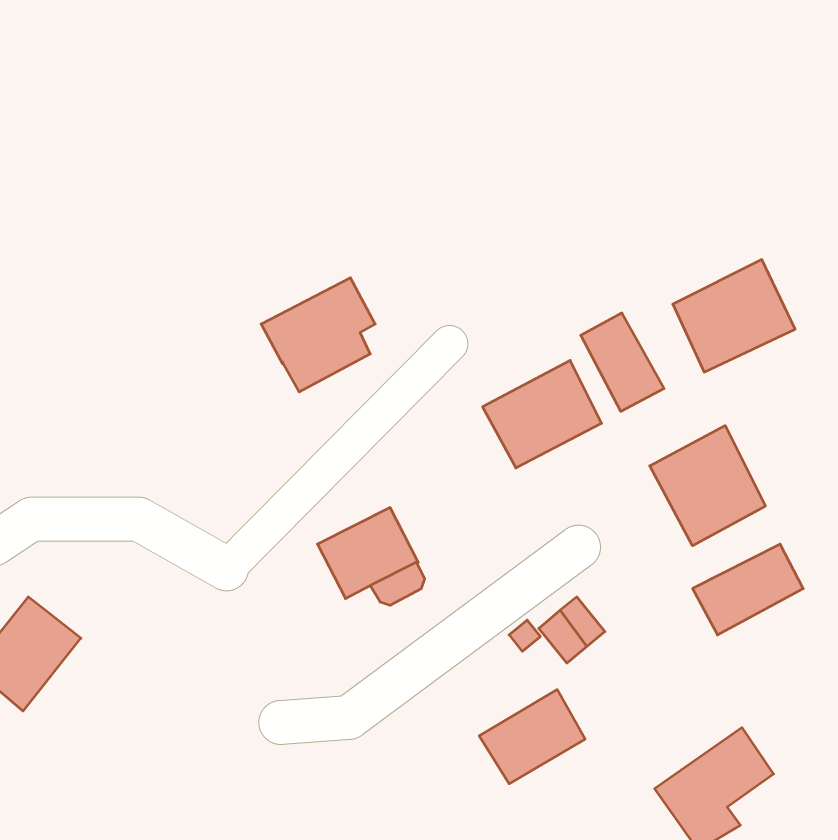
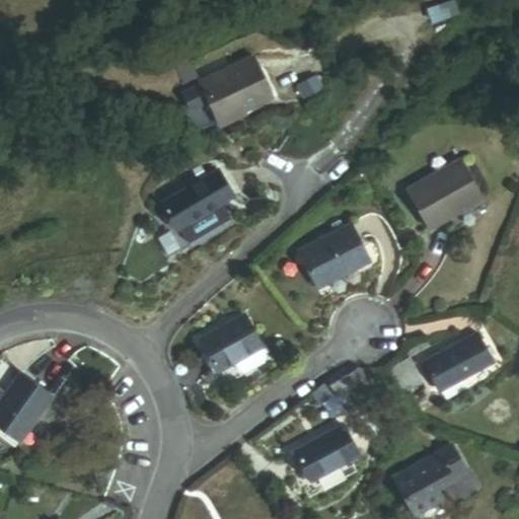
building: none -> [178,55,269,122]
building: [581,313,664,411] -> none
building: [650,426,765,546] -> none

